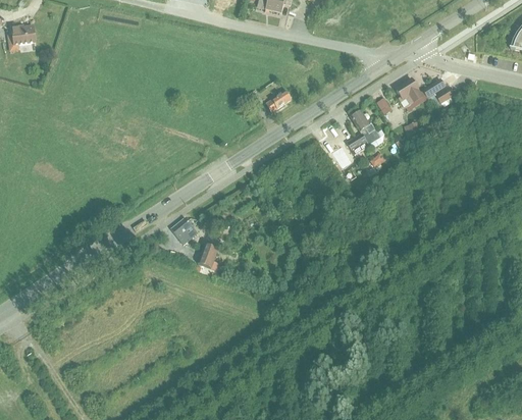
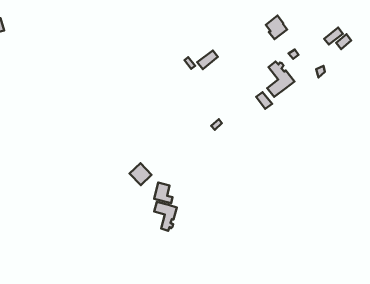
building: [396,77,421,106] -> [266,15,287,39]
building: none -> [154,202,177,231]

